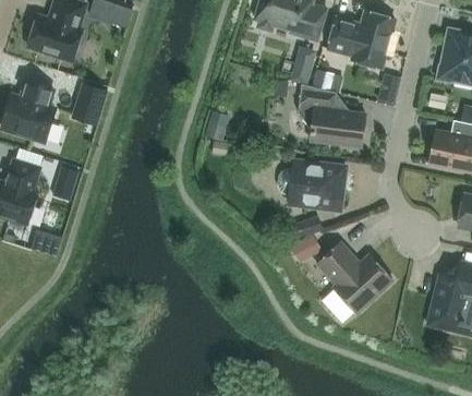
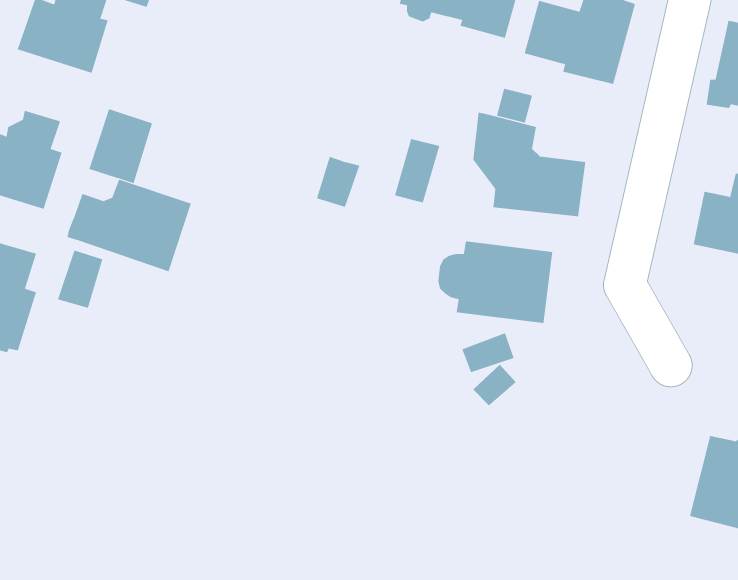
building: [289,47,316,85] -> [394,138,440,203]
building: none -> [67,179,192,272]
building: [317,242,392,313] -> none

